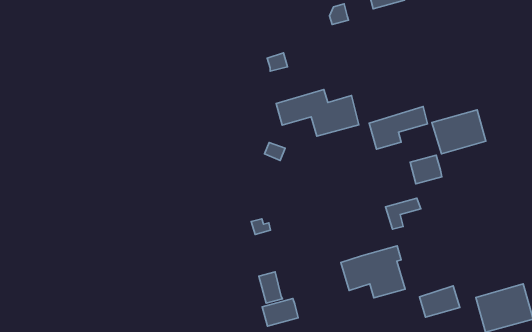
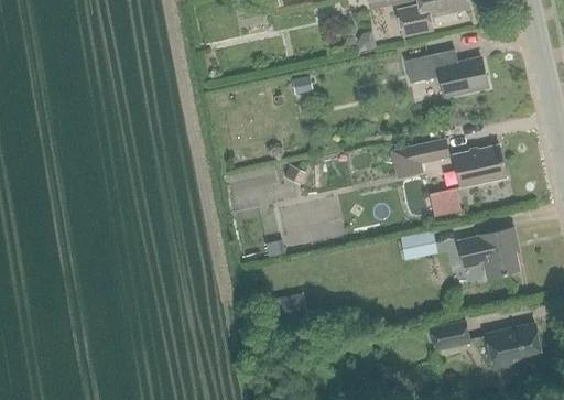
building: [276,90,359,136] -> [405,50,487,96]
building: [341,246,405,298] -> [456,227,519,278]
building: [262,299,298,326] -> none

